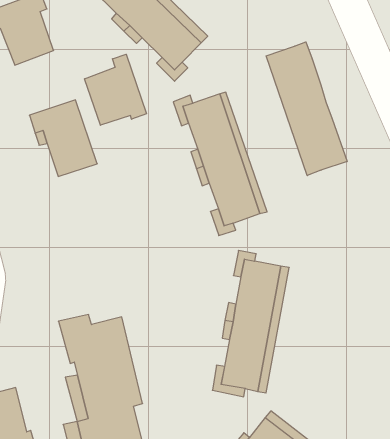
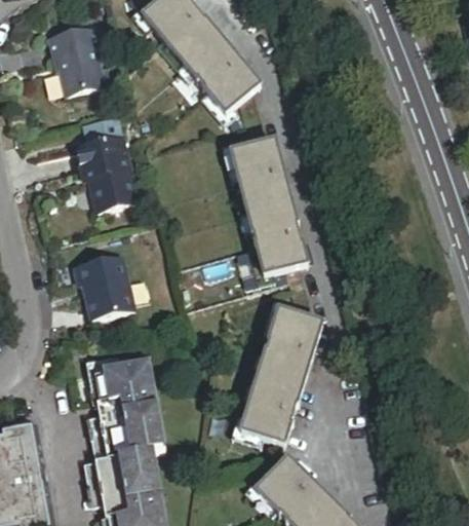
building: [266,42,347,176] -> none
building: [85,54,147,125] -> none
building: none -> [79,252,138,315]

